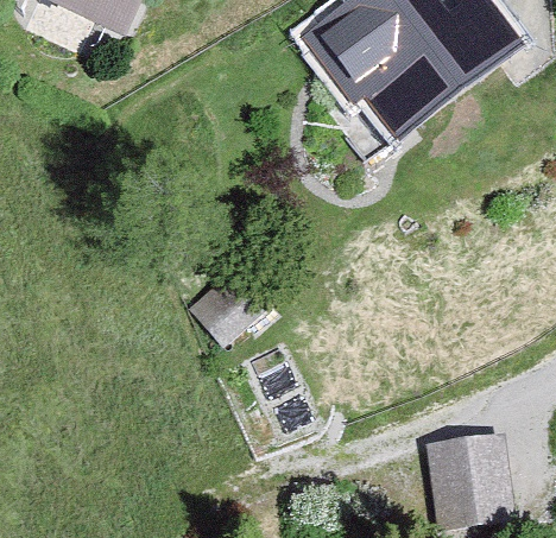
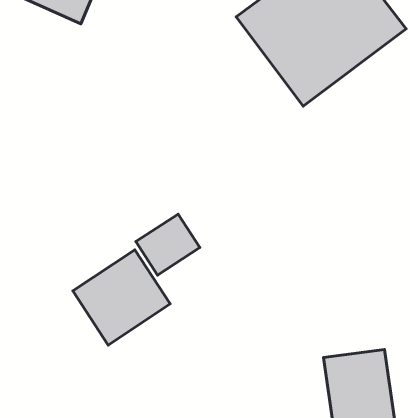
building: none -> [73,250,170,345]

